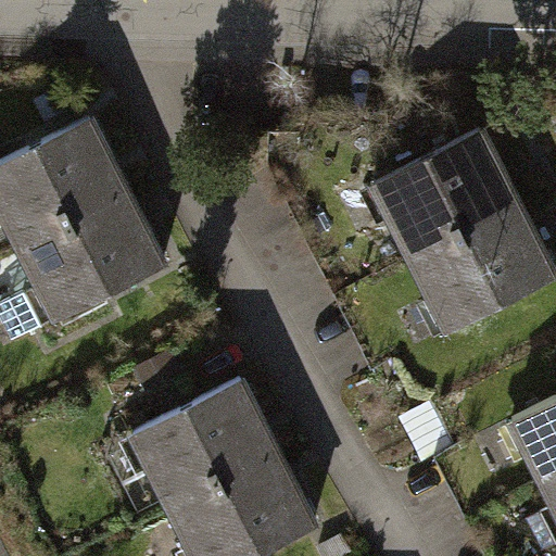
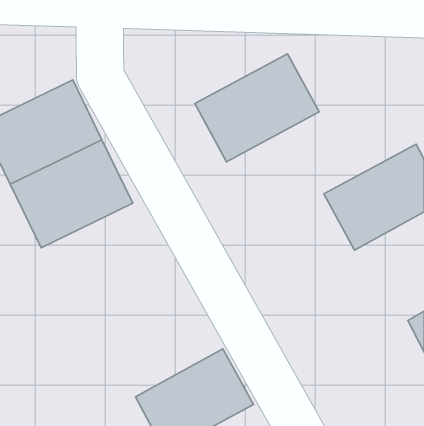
building: [370,124,528,261] -> [195,54,319,162]
building: [130,382,282,518] -> none

